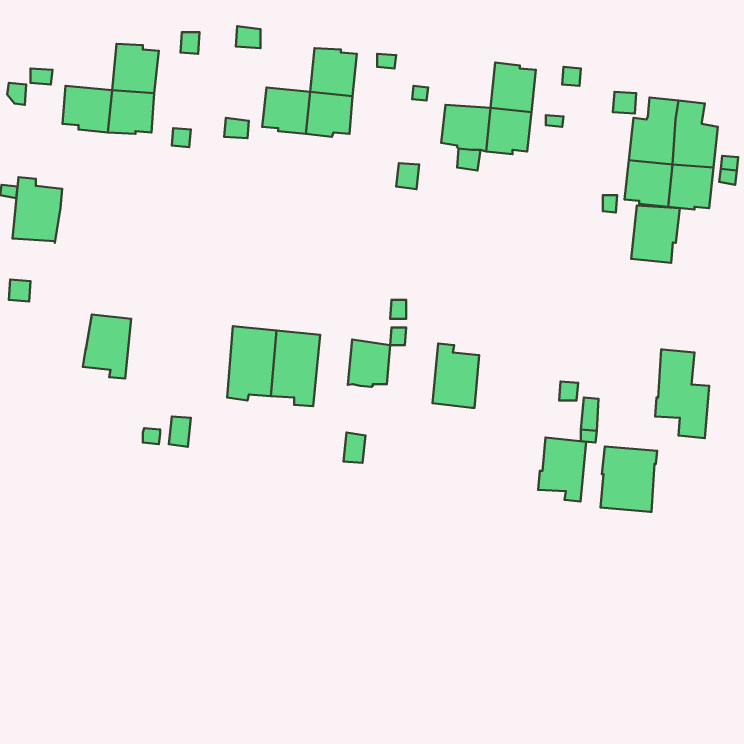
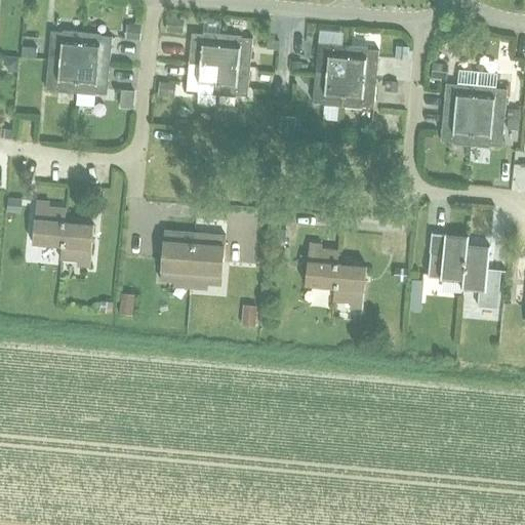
building: none -> [46,29,82,64]
building: none -> [188,32,221,65]
building: none -> [314,42,349,76]
building: [13,177,62,243] -> [31,200,66,246]
building: [631,205,680,263] -> none
building: [348,340,390,387] -> none
building: [538,437,586,501] -> [331,264,365,309]
building: [601,446,657,512] -> [428,234,468,280]

